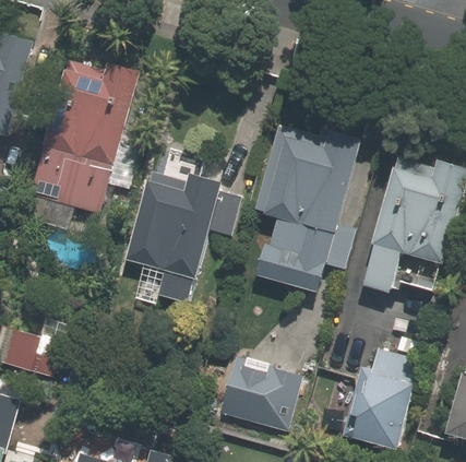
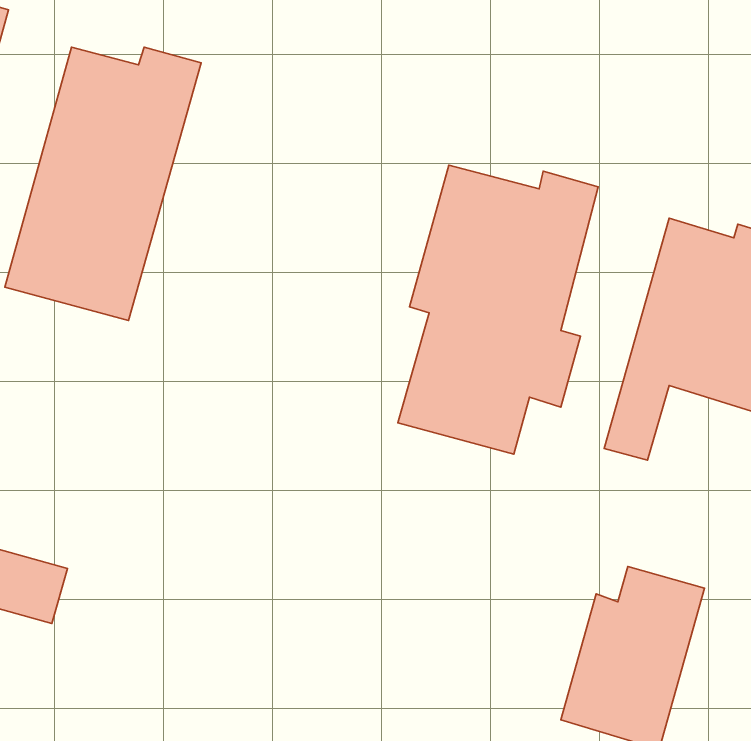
building: [126,173,237,303] -> none
building: [219,353,300,425] -> none

